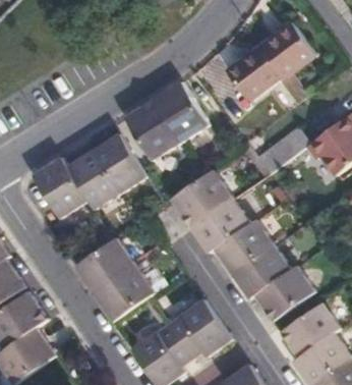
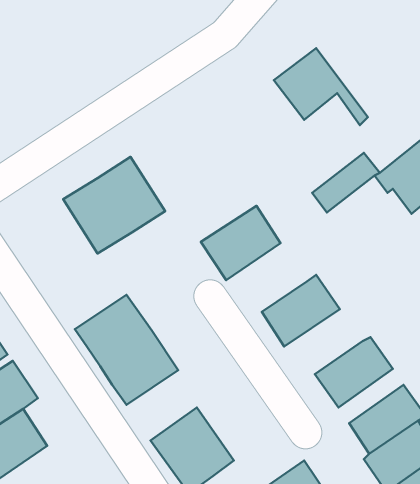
building: [258,23,314,102] -> none
building: [122,79,207,158] -> none
building: [32,156,85,217] -> none
building: [189,199,251,256] -> none
building: [234,250,294,304] -> none
building: [167,300,231,367] -> none

